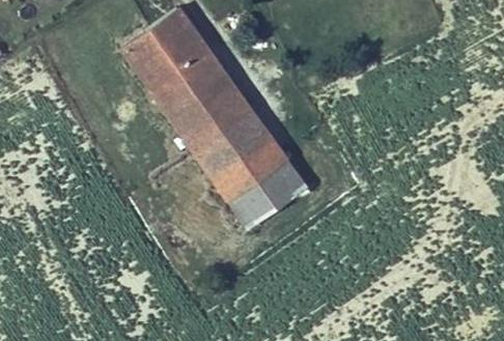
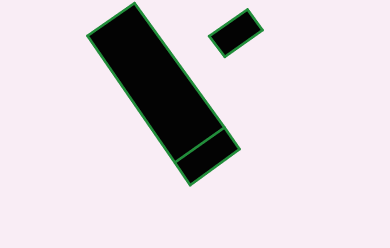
building: none -> [209,10,262,57]

